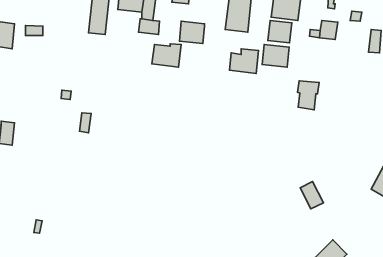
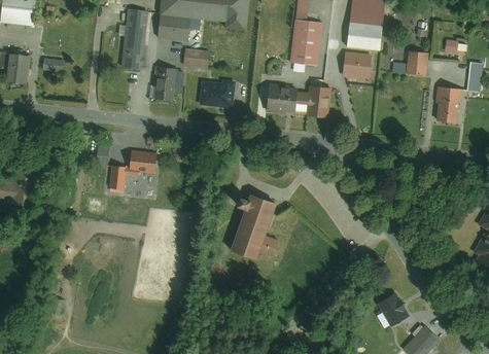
building: [180,21,205,44] -> [267,85,298,113]
building: none -> [154,68,184,100]
building: [262,44,289,67] -> none
building: [297,81,319,110] -> [436,87,463,123]
building: none -> [128,150,159,172]
building: none -> [232,197,277,261]
building: [300,181,323,209] -> [379,294,408,328]

